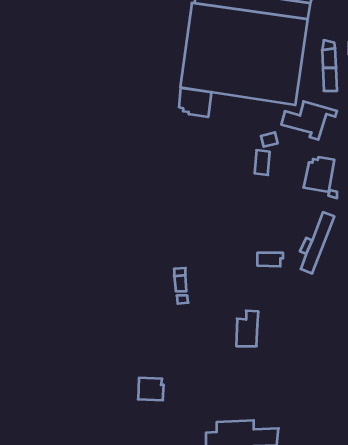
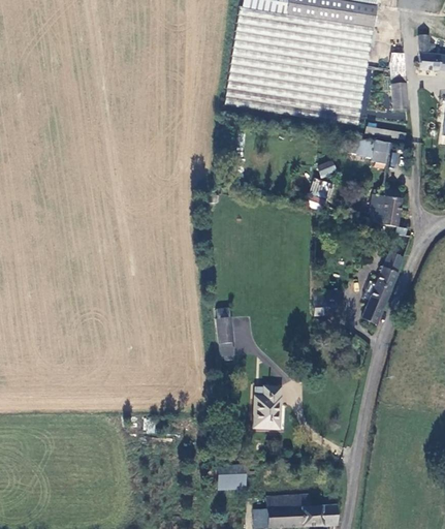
building: [179,88,212,117] -> none
building: [236,311,258,346] -> [255,387,281,429]
building: [138,378,164,400] -> [218,464,248,490]

